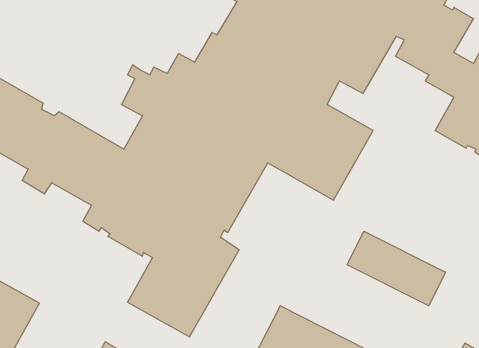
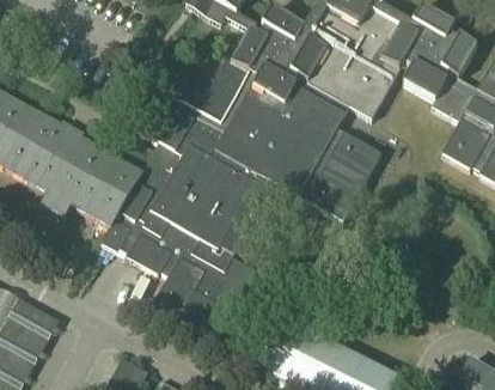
building: [347,231,446,306] -> none

